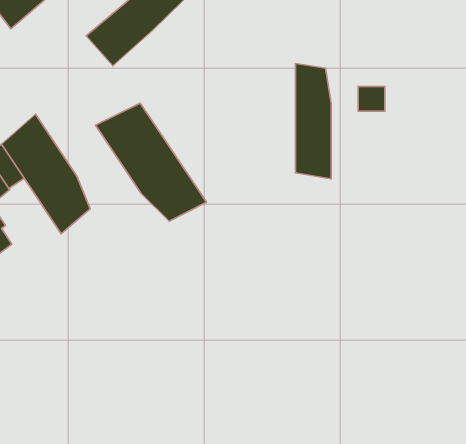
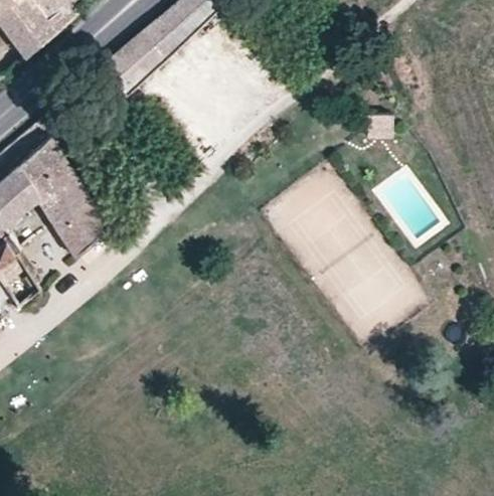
building: [295,64,331,179] -> none
building: [96,103,206,221] -> none

